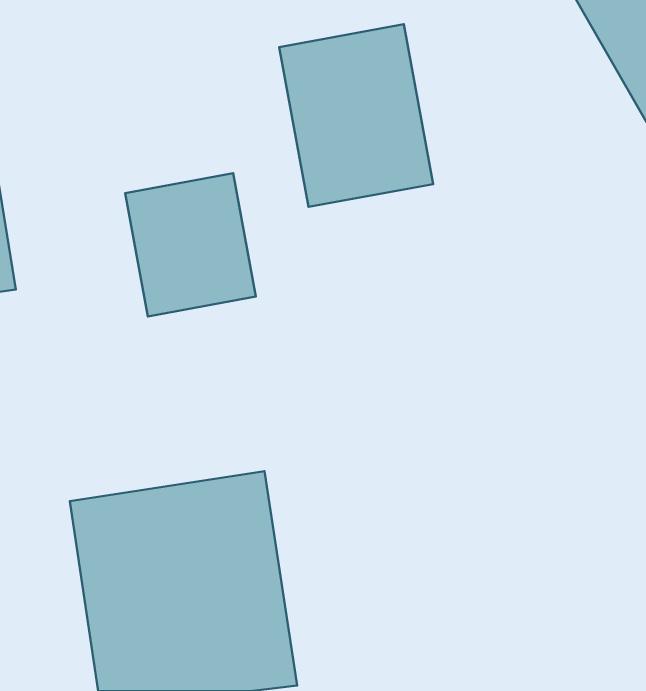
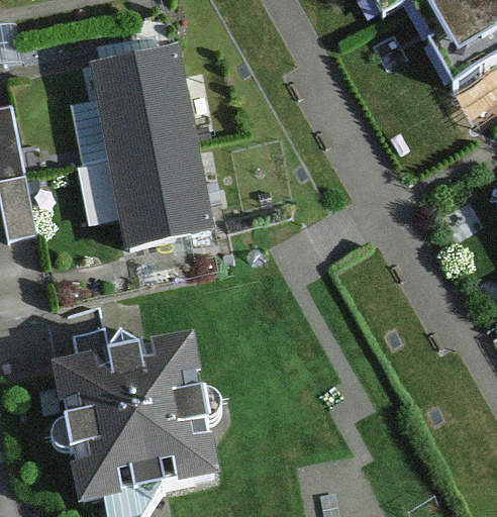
building: [279,24,433,207] -> none
building: none -> [85,43,178,145]

